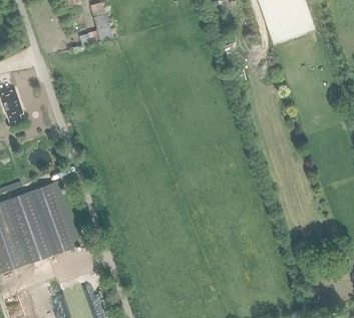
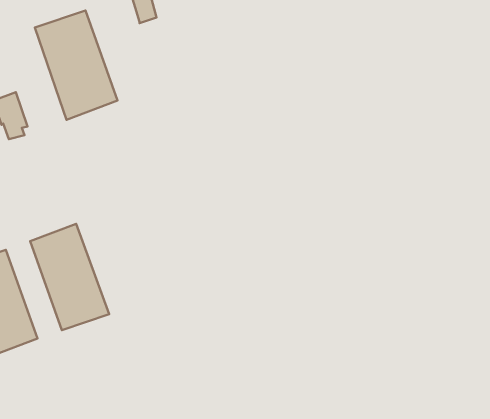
building: none -> [35,10,118,120]
building: [8,193,47,261] -> none

